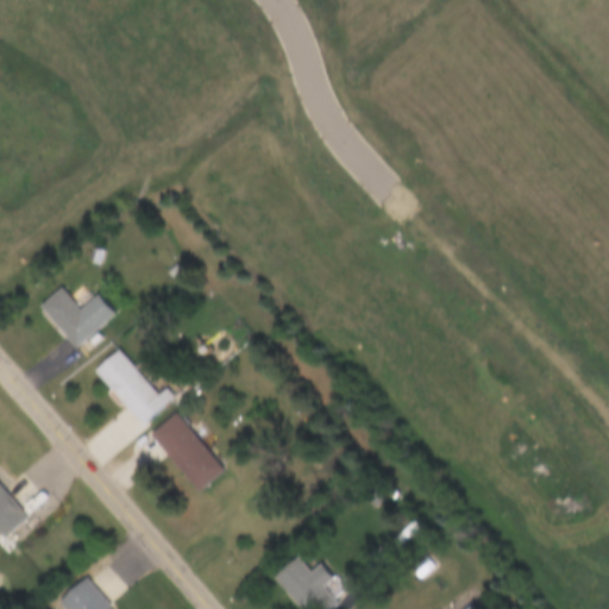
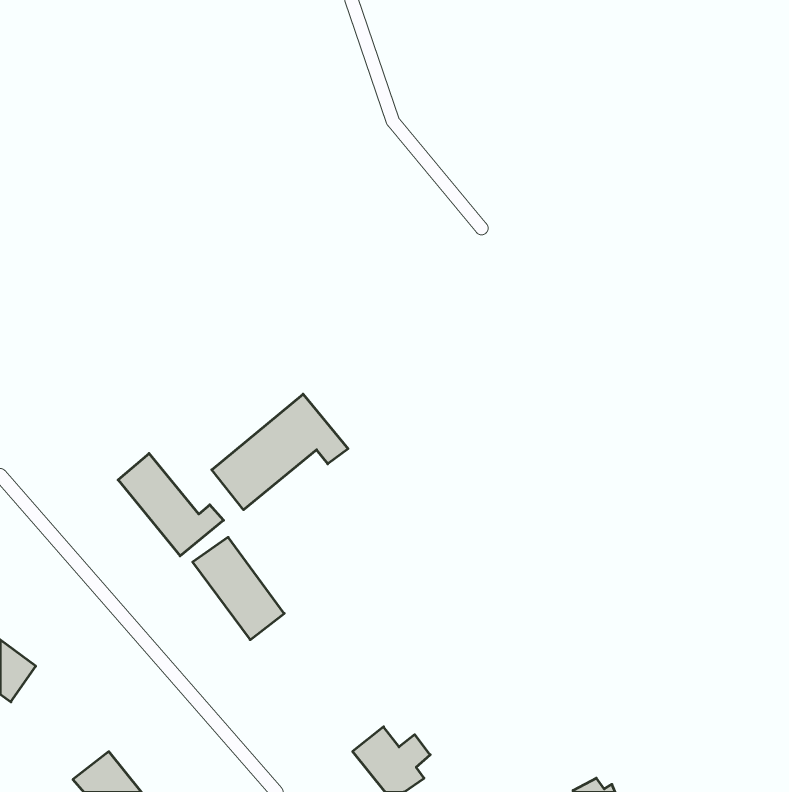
building: [39,287,114,346] -> none
building: none -> [212,394,348,510]

